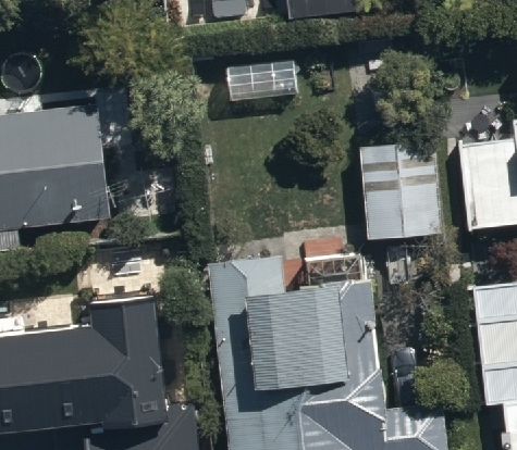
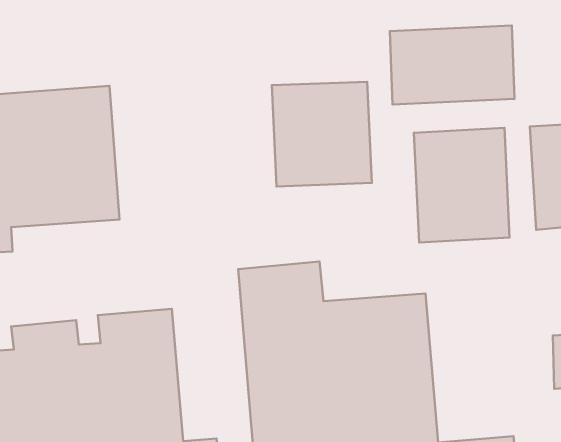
building: none -> [390,25,514,105]
building: none -> [272,82,372,186]

